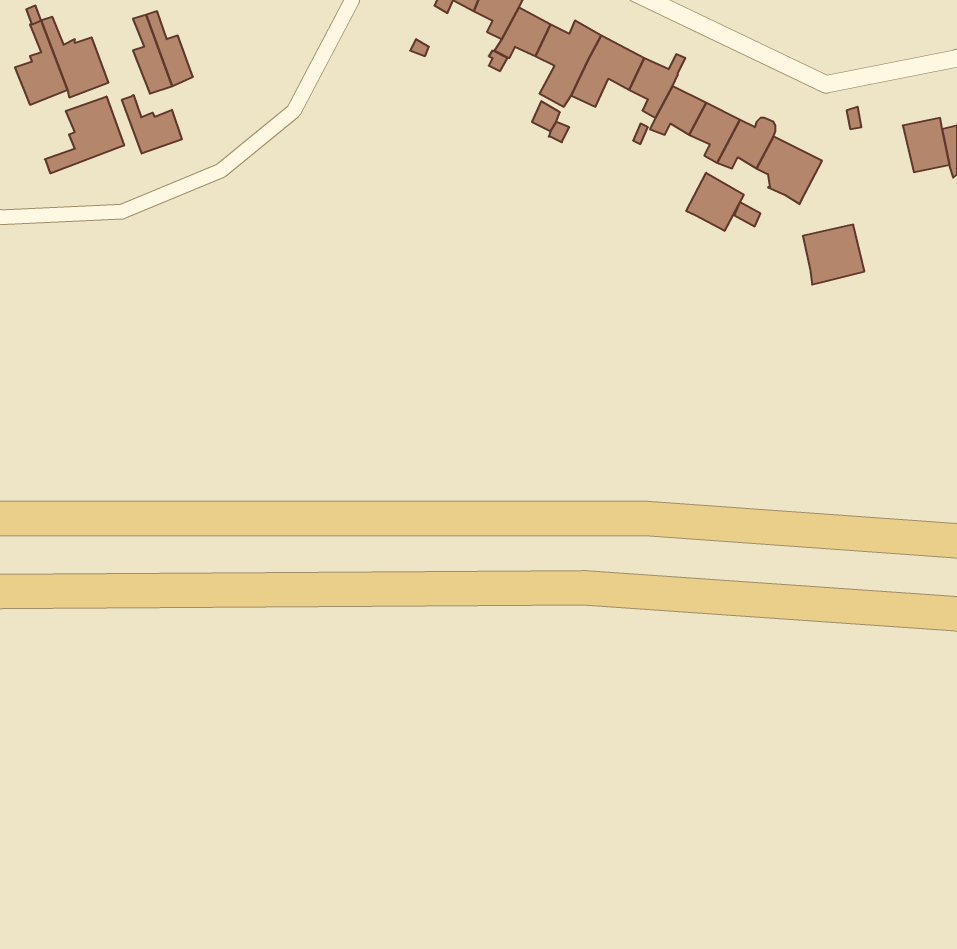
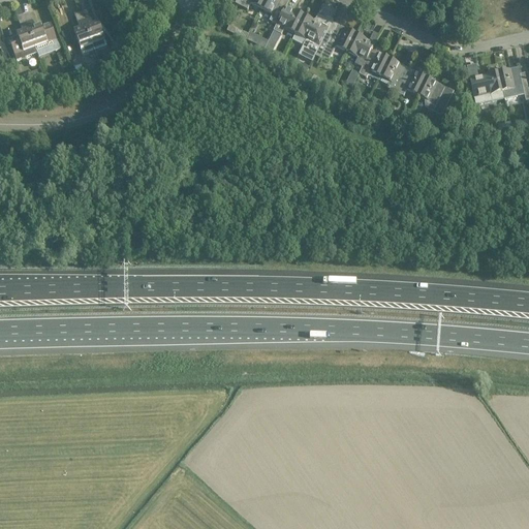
building: [122,95,182,154] -> none
building: [45,96,124,173] -> none
building: [686,173,744,231] -> none
building: [803,225,864,285] -> [470,69,504,102]

